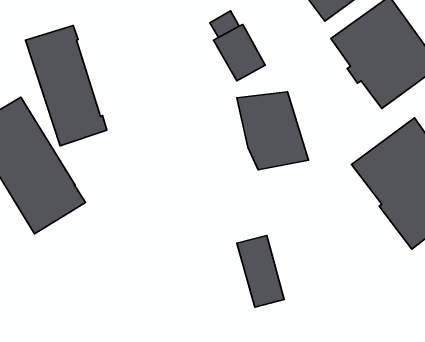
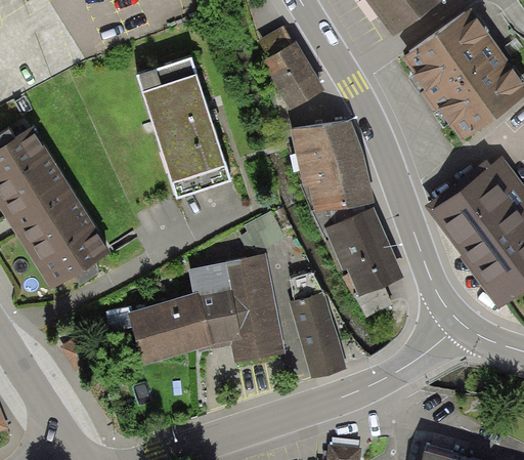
building: [26,26,107,146] -> [136,58,232,201]
building: none -> [325,209,404,298]
building: none -> [128,254,287,366]

